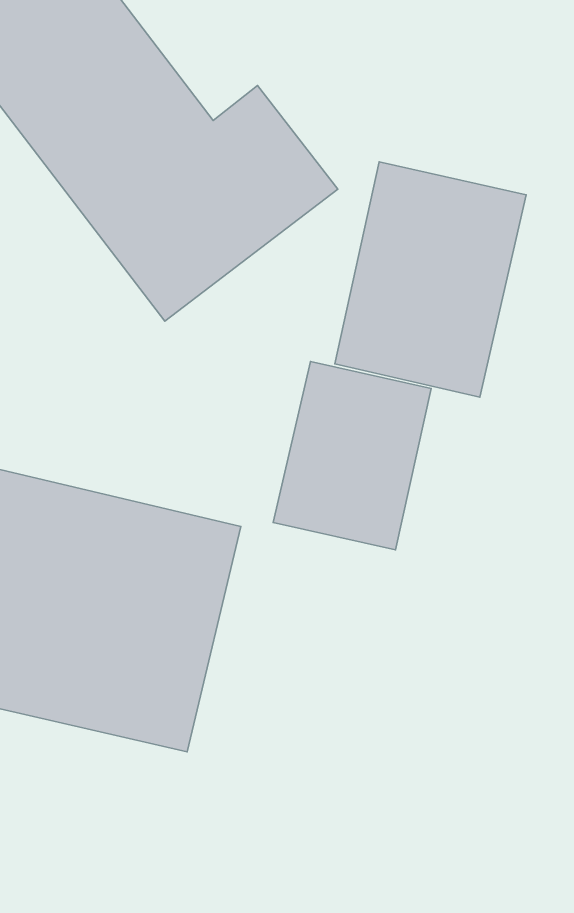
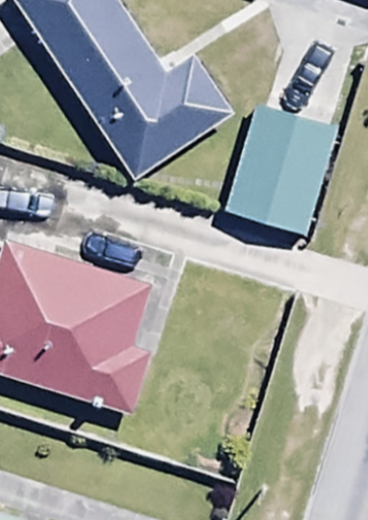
building: [273,362,431,550] -> none

